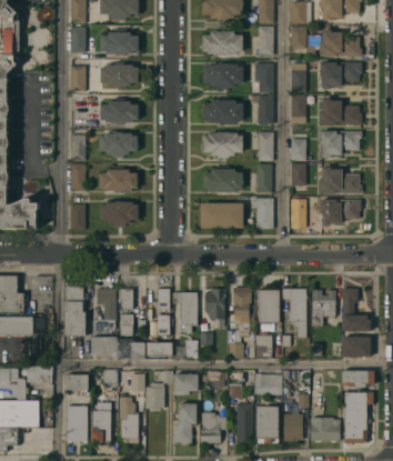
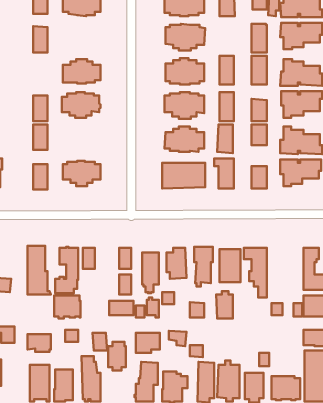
building: [100,63,138,89] -> none
building: [253,63,273,93] -> none
building: [99,167,138,192] -> none
building: [311,290,334,327] -> none
building: [118,315,144,359] -> none
building: [254,374,282,395] -> none

